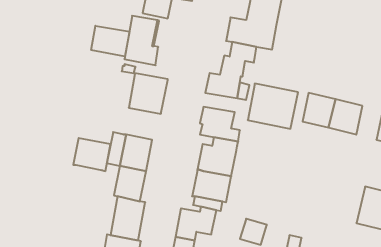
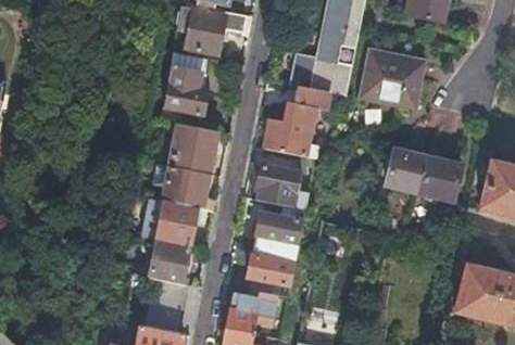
building: [91,26,129,56] -> none
building: [248,84,298,129] -> [361,50,424,106]
building: [73,138,111,171] -> [162,166,209,207]

